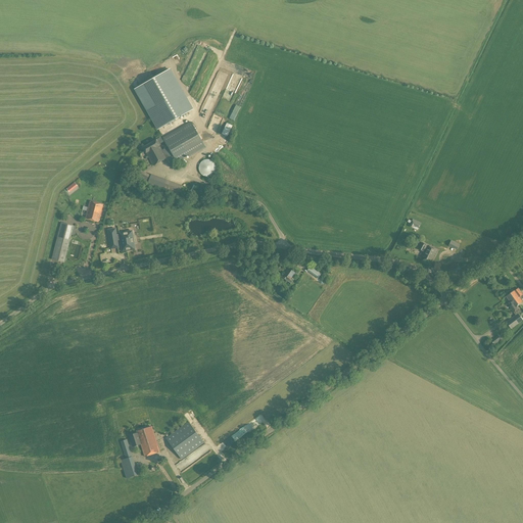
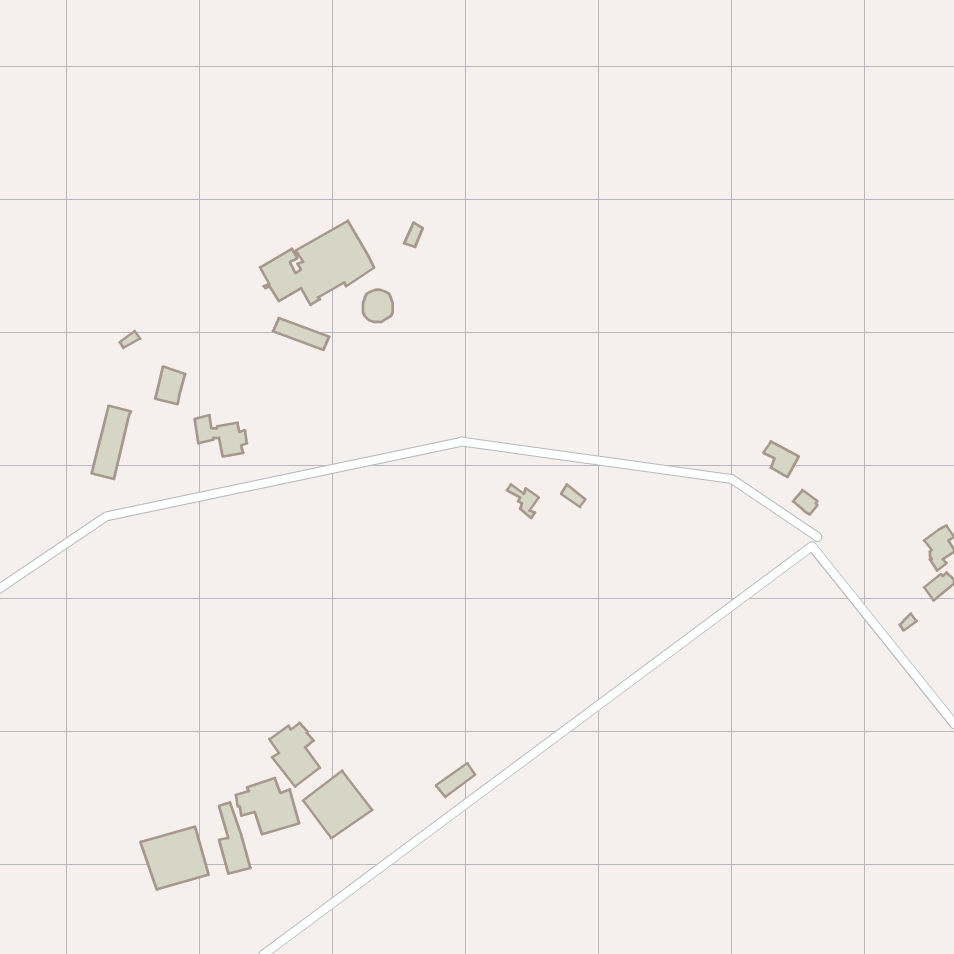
building: [133,67,192,129] -> none
building: none -> [269,723,320,787]
building: none -> [141,827,208,890]

